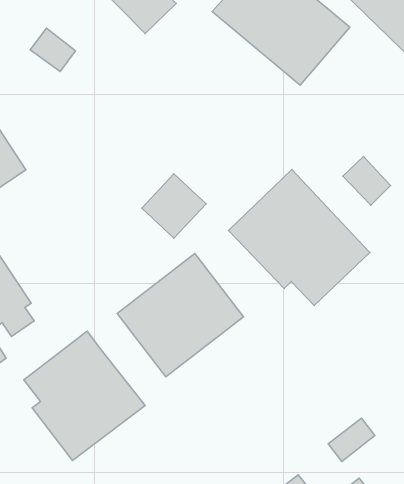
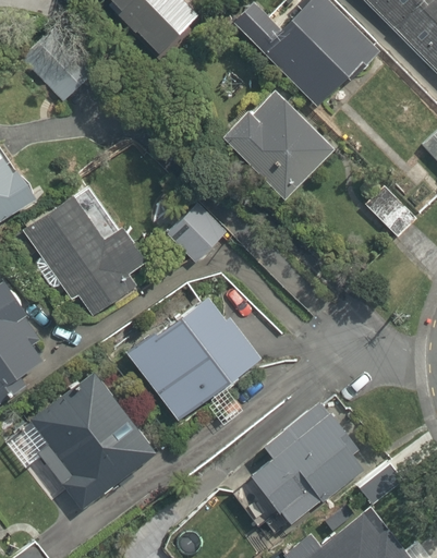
building: none -> [229,93,333,197]
building: none -> [22,192,148,317]
building: [229,169,370,305] -> none
building: none -> [253,411,368,519]

